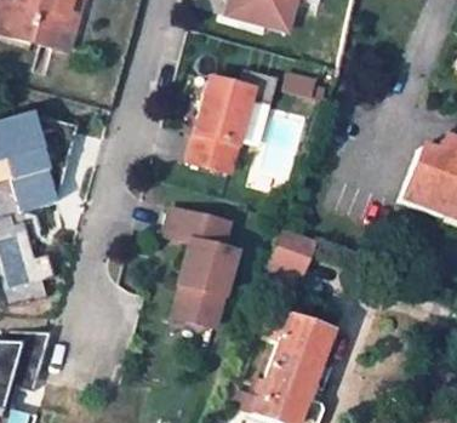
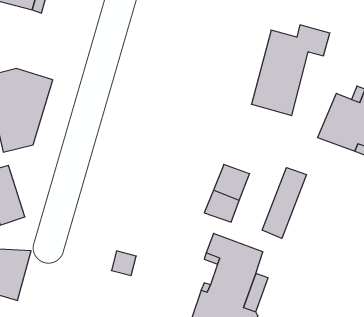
building: [184,69,276,176] -> [251,25,330,116]
building: [165,210,235,327] -> none
building: none -> [262,168,307,238]

